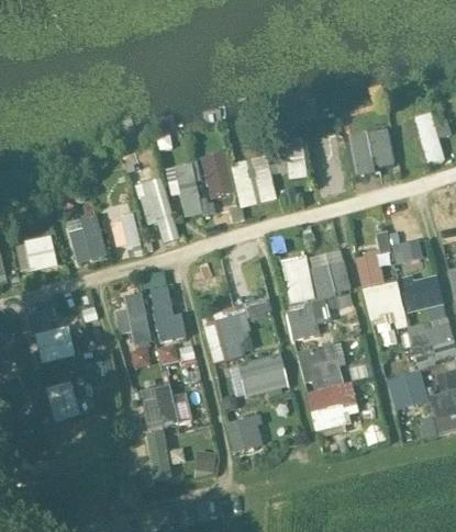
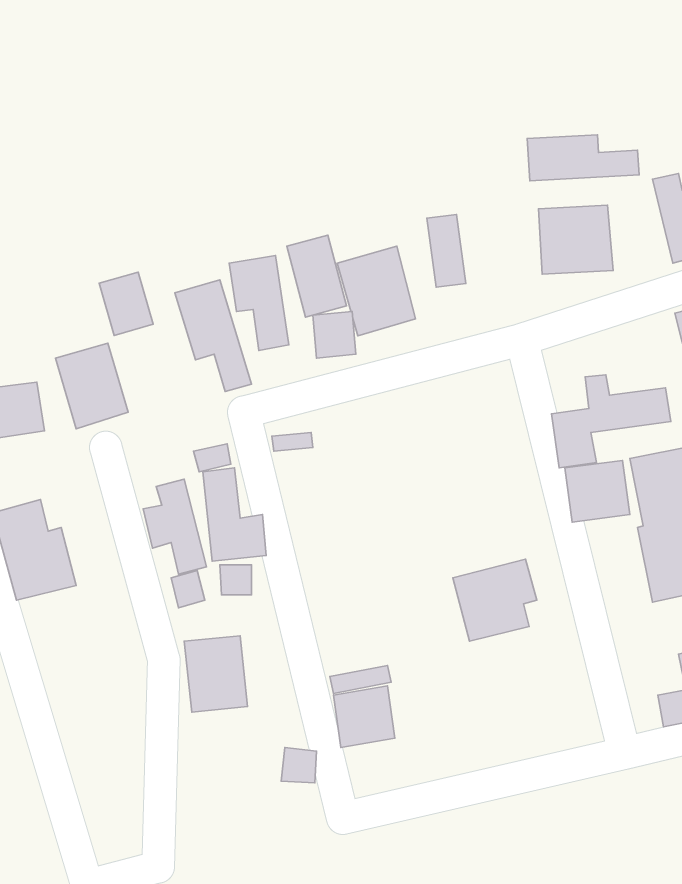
building: none -> [527,135,639,181]
building: [110,213,142,250] -> [99,272,153,335]
building: [281,250,354,338] -> none
building: [213,297,275,360] -> none
building: [229,352,289,398] -> none
building: [388,371,427,409] -> none
building: [44,380,81,422] -> none
building: [308,385,355,430] -> none
building: [146,430,169,480] -> none

